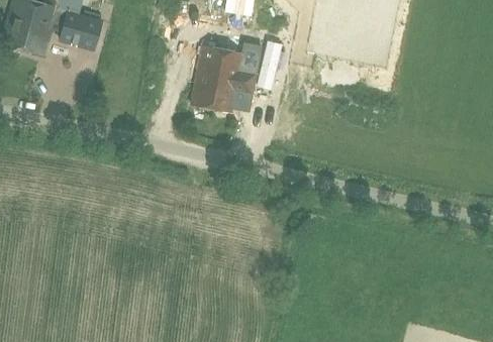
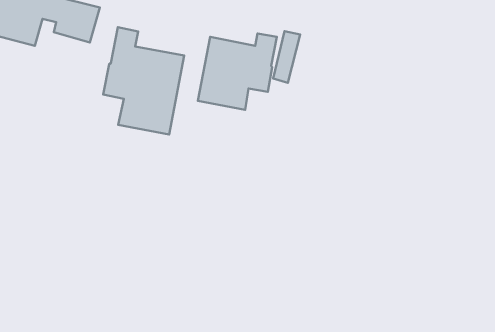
building: none -> [103,27,184,134]

